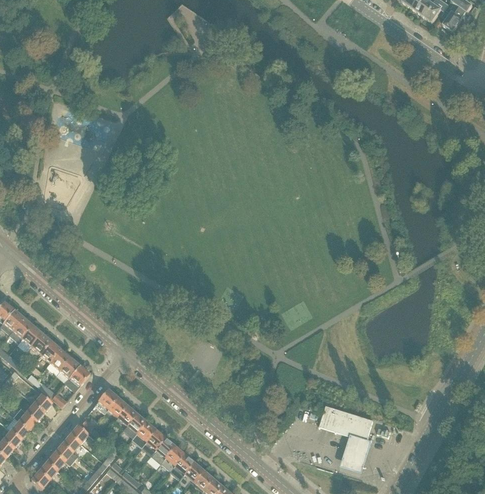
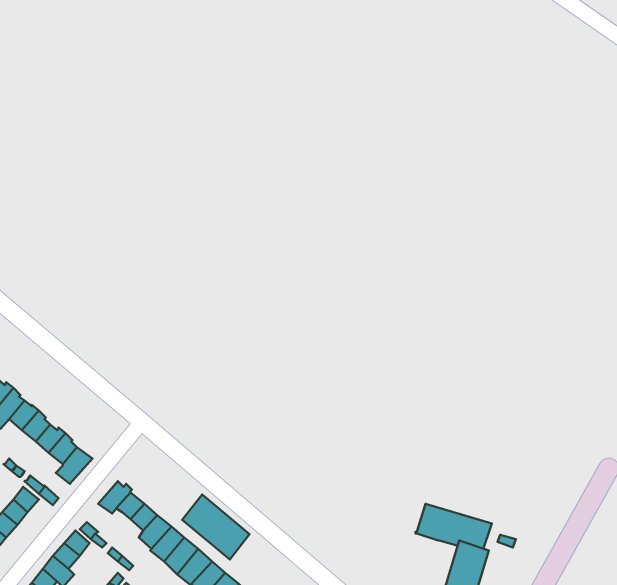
building: none -> [182,494,250,560]

